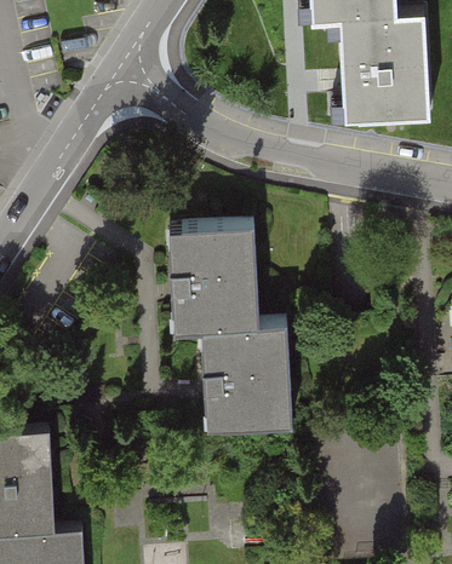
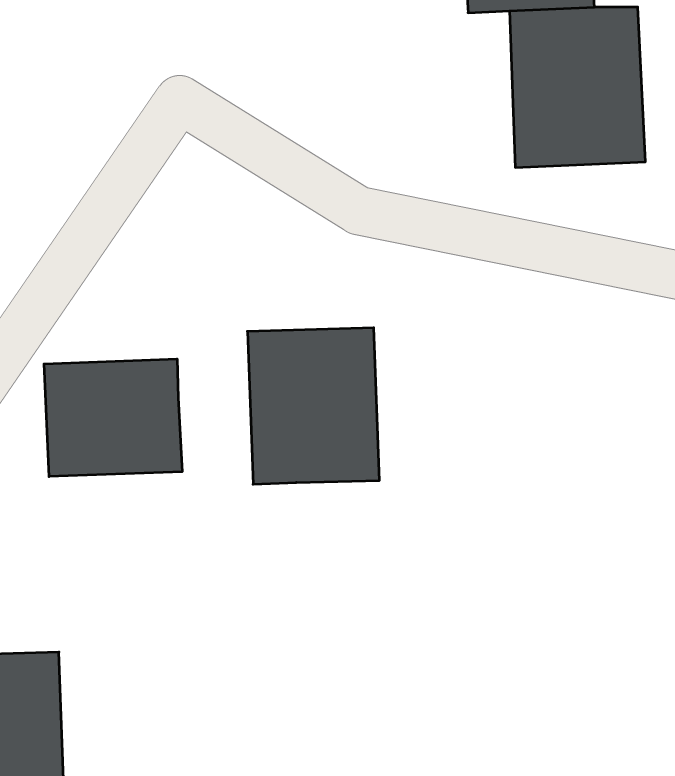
building: none -> [44,359,182,477]
building: [204,321,290,424] -> none

